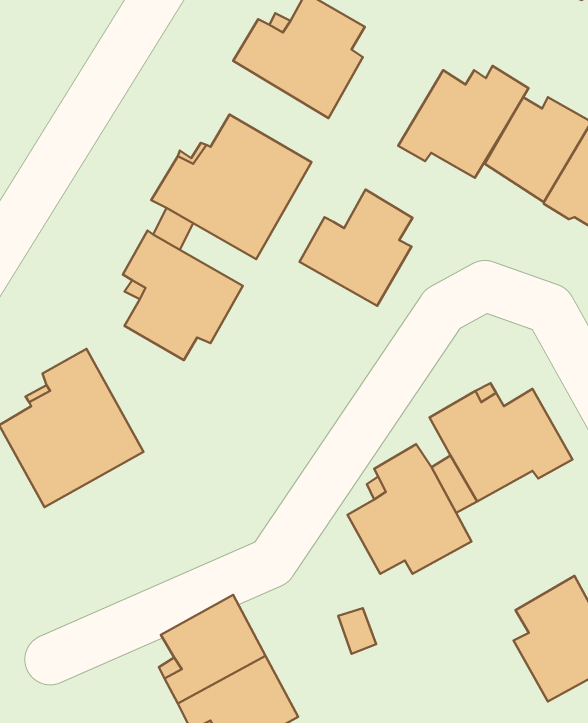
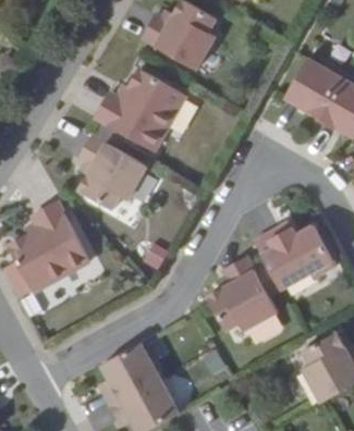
building: [398,66,528,178] -> none
building: [299,189,413,306] -> none

